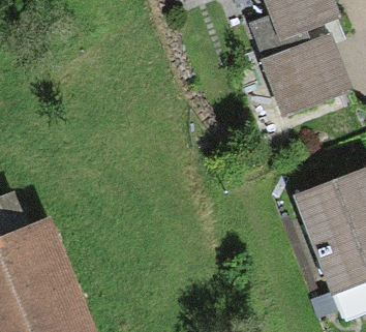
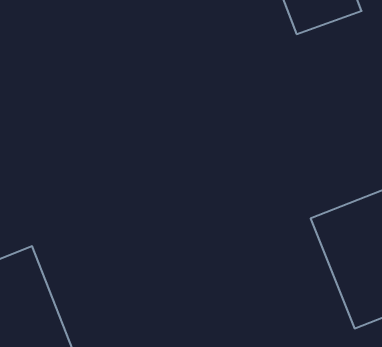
building: [251,33,349,120] -> none

